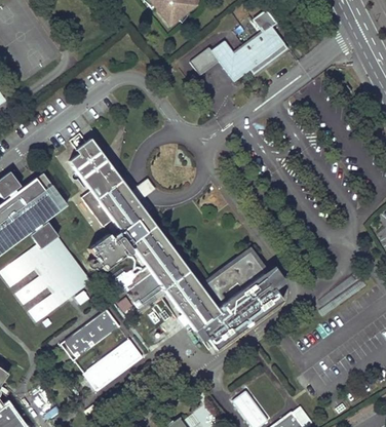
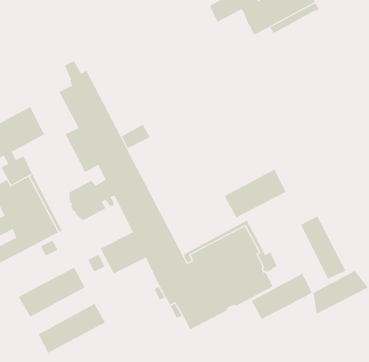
building: none -> [224,169,286,218]
building: none -> [300,216,346,279]
building: none -> [251,273,313,320]

